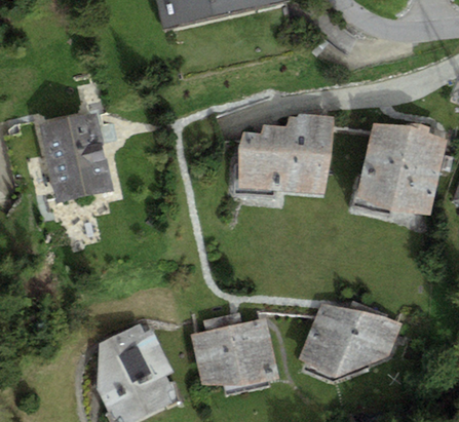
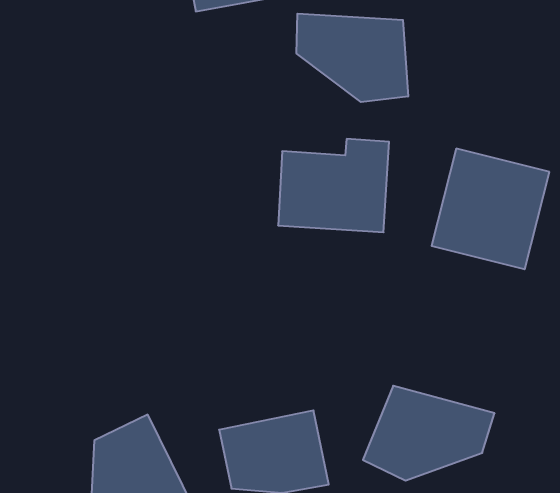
building: none -> [297,14,408,102]
building: [38,114,114,200] -> none

